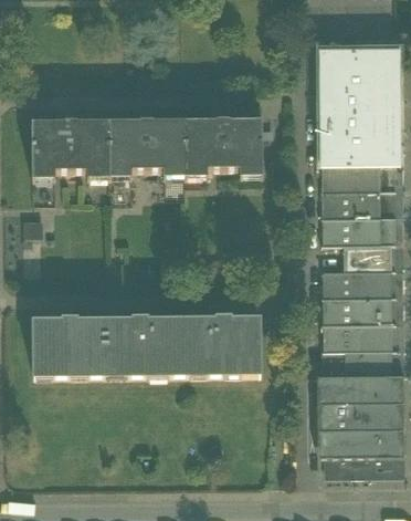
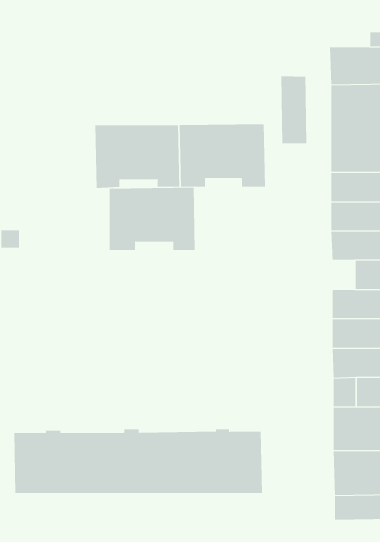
building: none -> [281,76,307,144]
building: [34,118,113,176] -> [109,187,196,251]
building: [36,314,262,373] -> [13,429,263,493]

